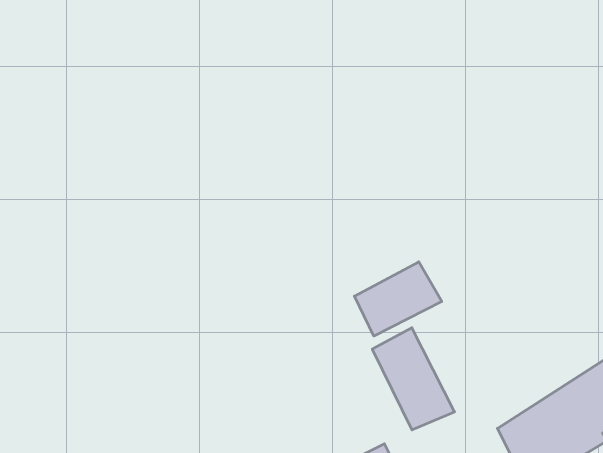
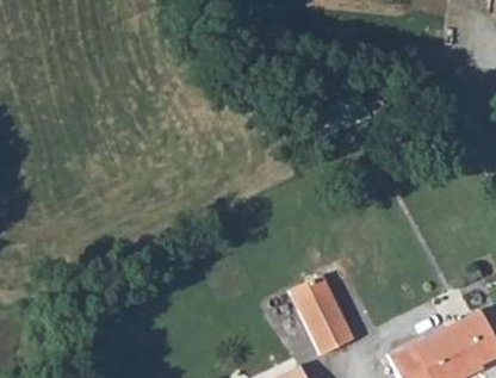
building: [354,262,442,336] -> none

